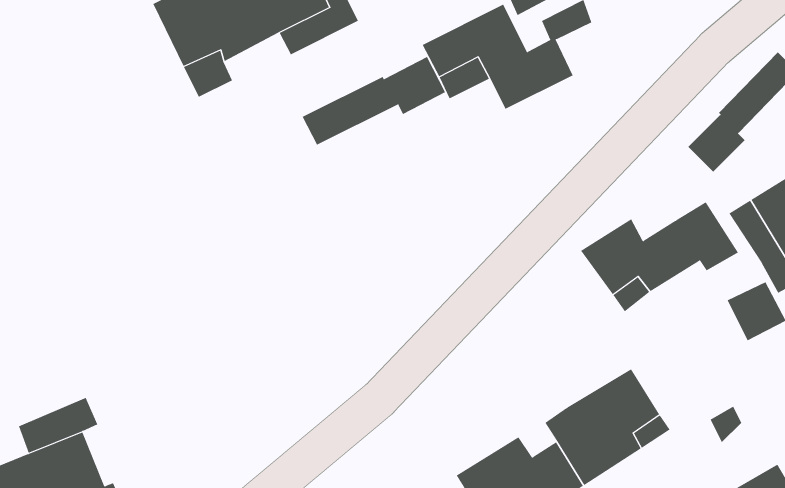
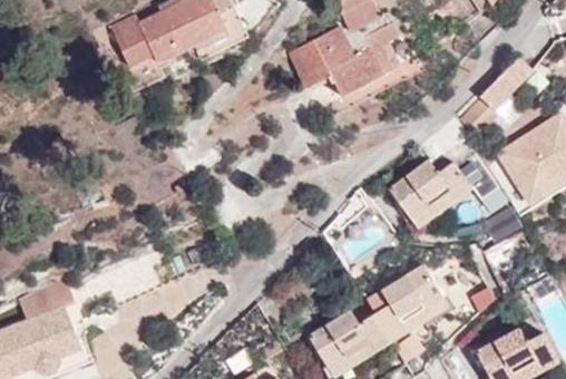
building: [302,56,446,146] -> none

